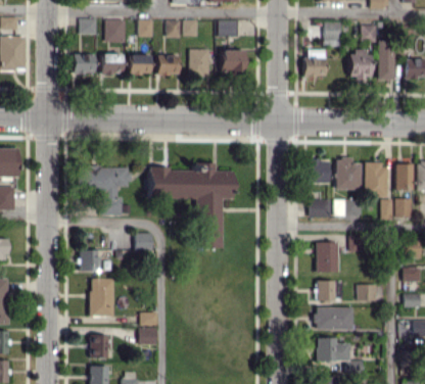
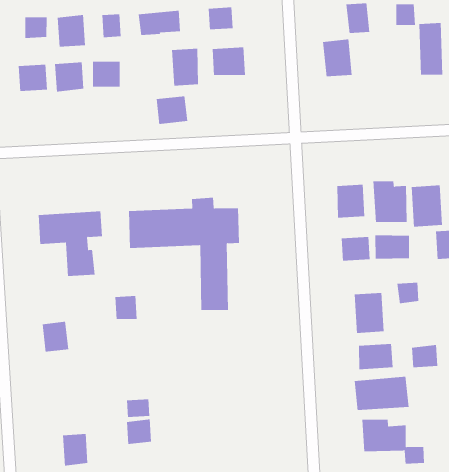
building: [350,49,370,80] -> none
building: [156,54,180,75] -> [156,96,188,124]
building: [90,279,114,317] -> none

